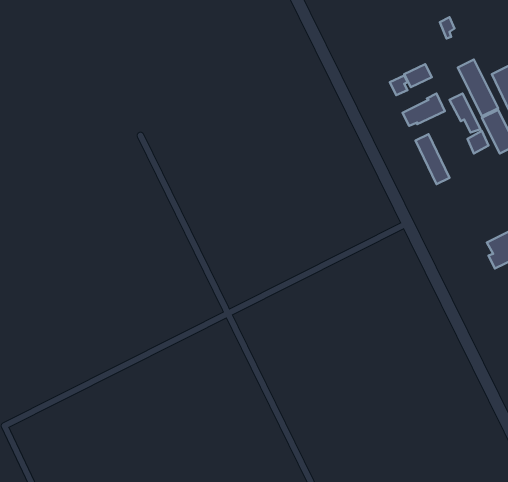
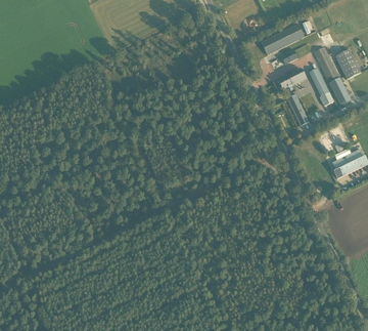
building: none -> [261,24,305,55]

